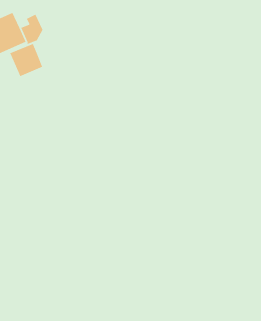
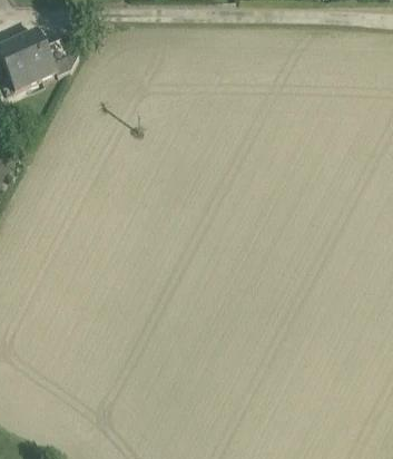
building: [9,43,43,77] -> none

